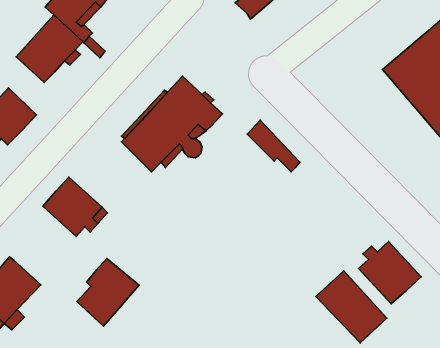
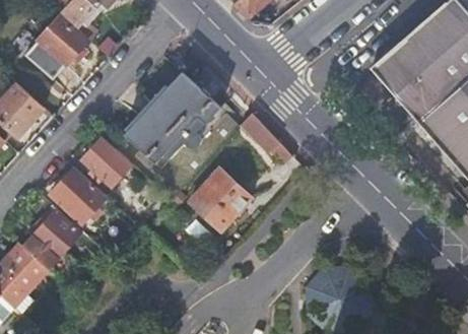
building: none -> [82,138,132,187]
building: none -> [190,170,251,230]
building: [359,242,421,304] -> none
building: [77,258,139,326] -> [23,206,82,270]

